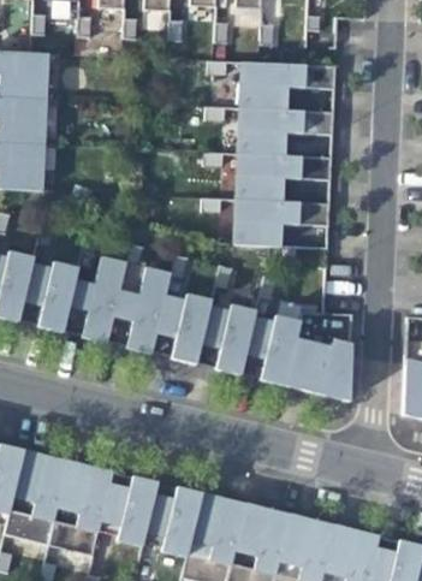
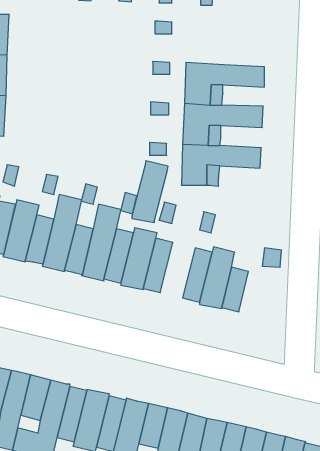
building: [244,63,335,109] -> none
building: [215,304,256,374] -> [132,161,168,223]
building: [304,343,351,401] -> none

